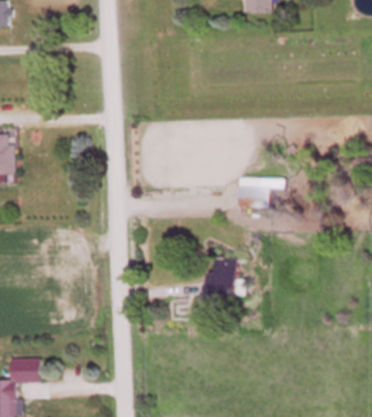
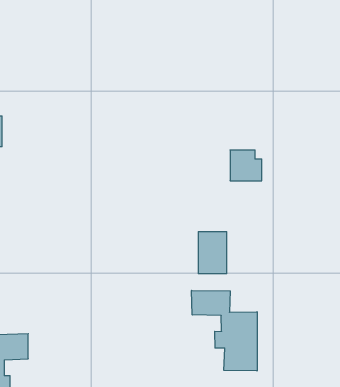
building: none -> [192,290,257,371]

